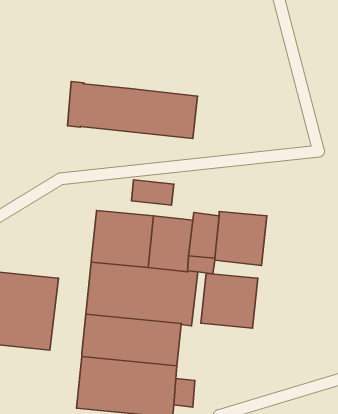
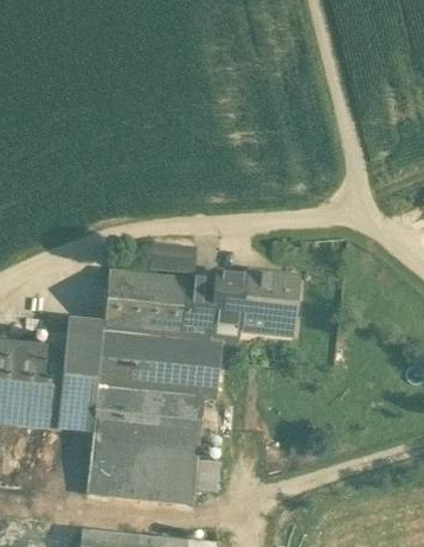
building: [68,82,197,138] -> none
building: none -> [57,324,103,432]
building: [201,273,258,328] -> none

